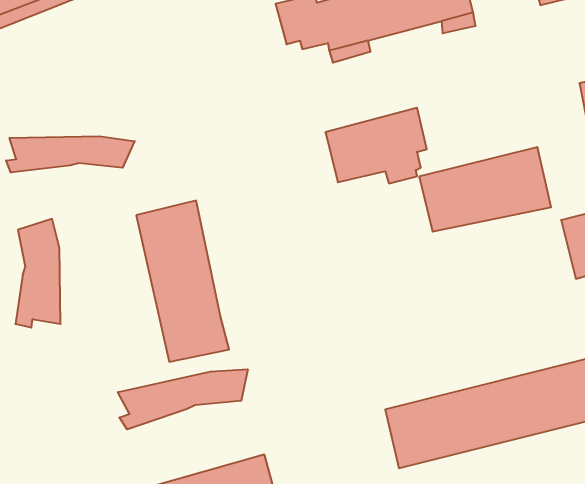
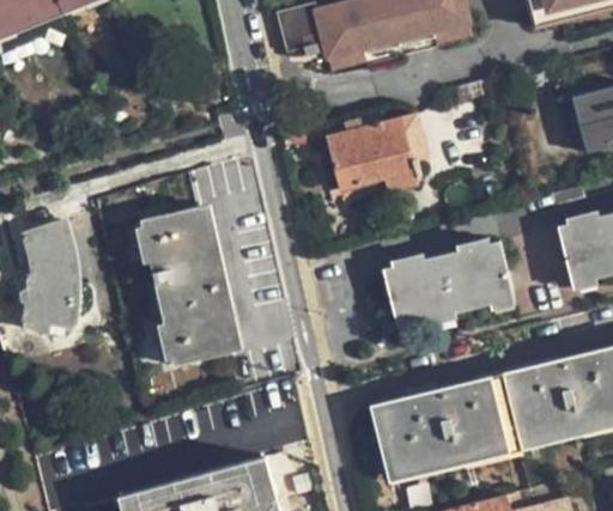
building: [6,136,135,173] -> none
building: [419,147,551,232] -> [383,241,512,323]
building: [118,369,248,429] -> none

